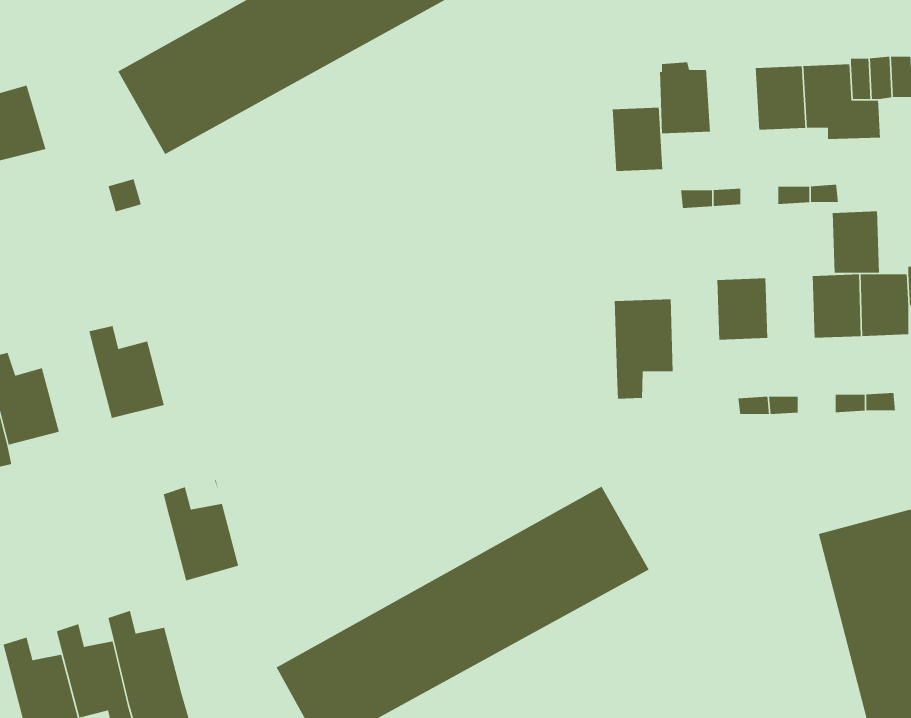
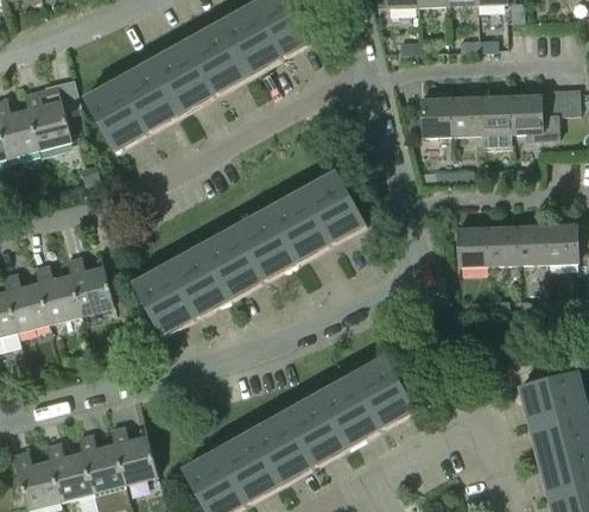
building: none -> [24,81,81,147]
building: [612,107,663,172] -> [450,96,482,137]
building: none -> [131,171,365,336]
building: [832,211,880,274] -> [487,226,517,265]
building: [614,298,674,400] -> none
building: none -> [33,265,80,323]
building: [163,478,239,582] -> [109,421,157,485]

